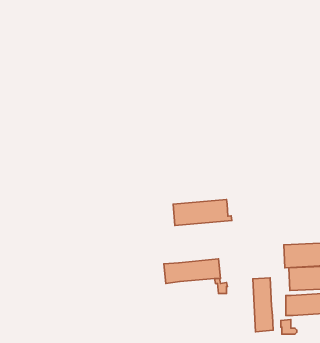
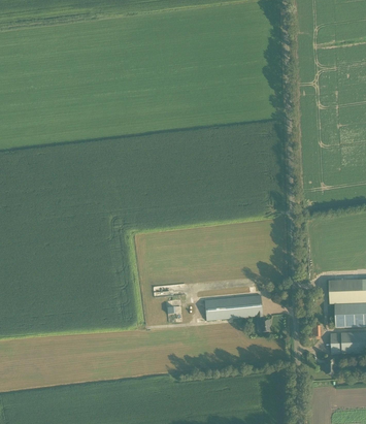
building: [173,200,232,226] -> none
building: [253,278,273,332] -> none

